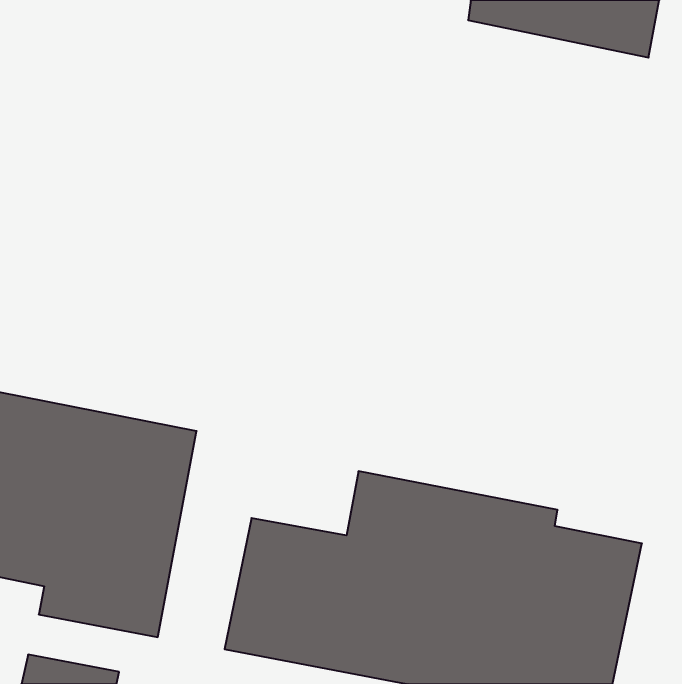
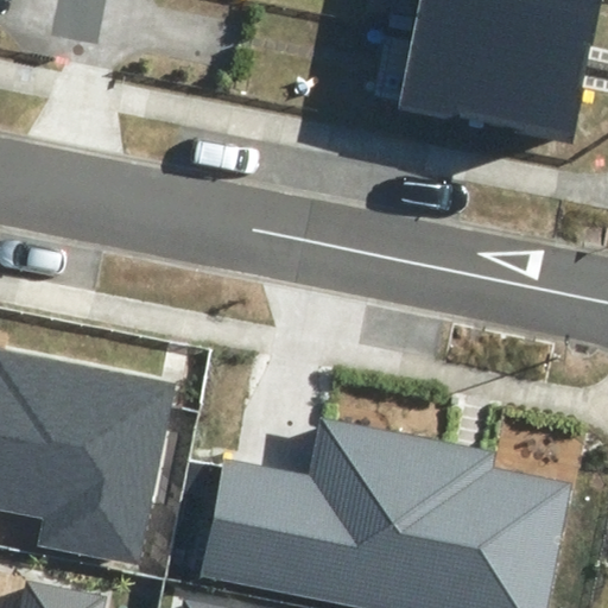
building: none -> [400,18,576,124]

